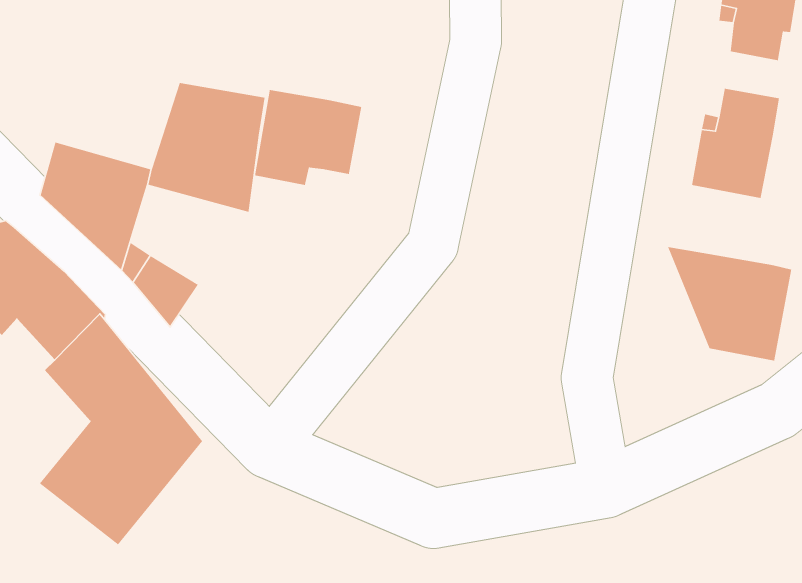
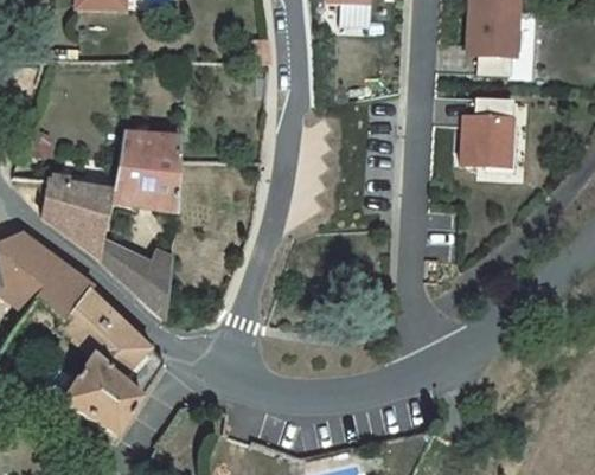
building: [254,89,362,186] -> none
building: [667,246,792,361] -> none
building: none -> [135,251,173,319]

